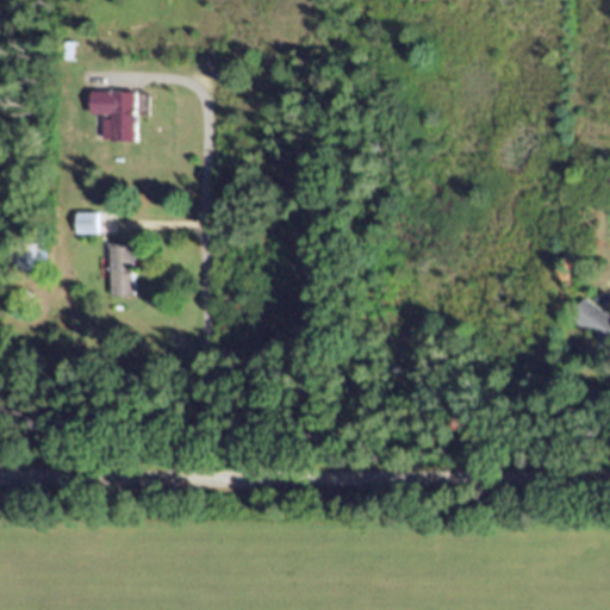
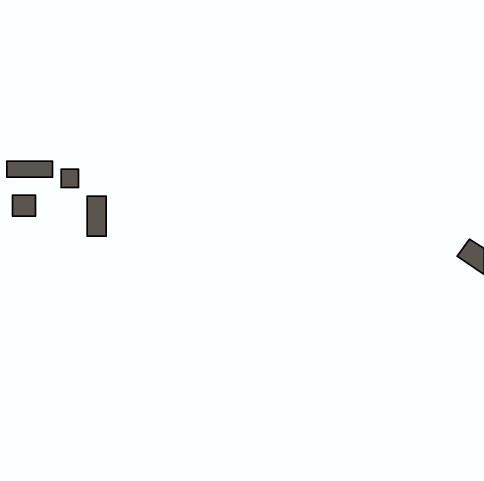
building: [92,91,137,141] -> none
building: none -> [7,161,52,177]

